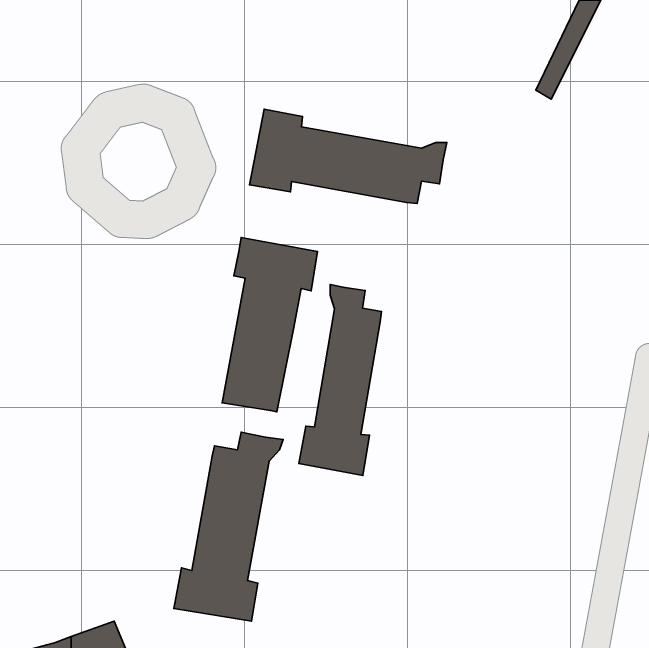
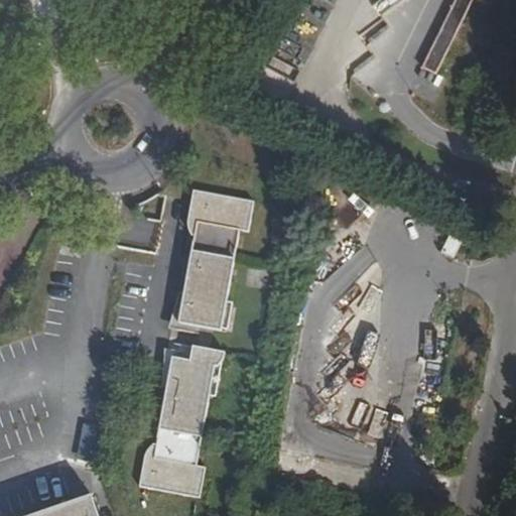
building: [250,109,447,204] -> none
building: [299,285,381,475] -> none

